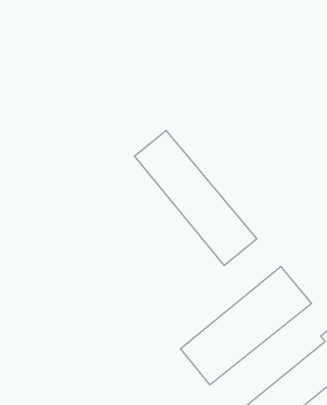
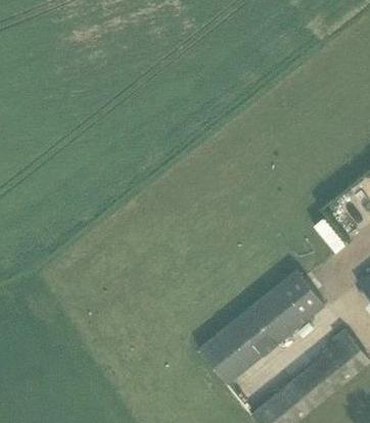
building: [135,130,257,265] -> none

